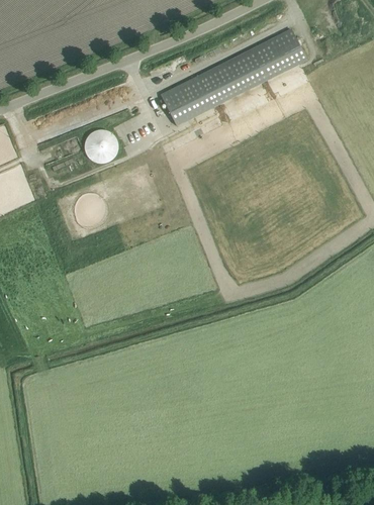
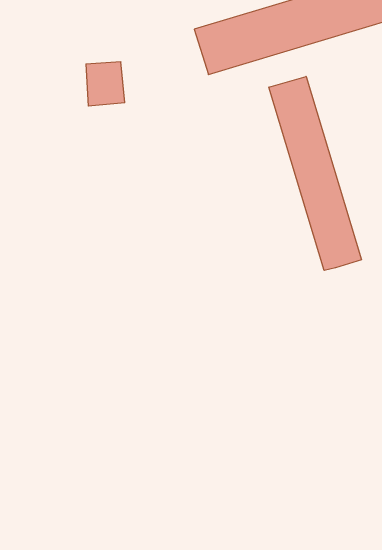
building: none -> [269,76,362,270]

